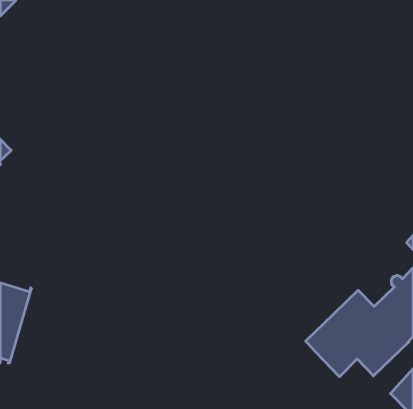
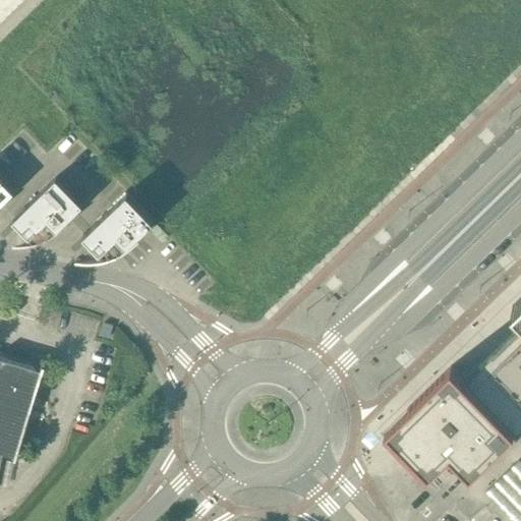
building: none -> [13,181,82,247]
building: none -> [83,196,154,262]

